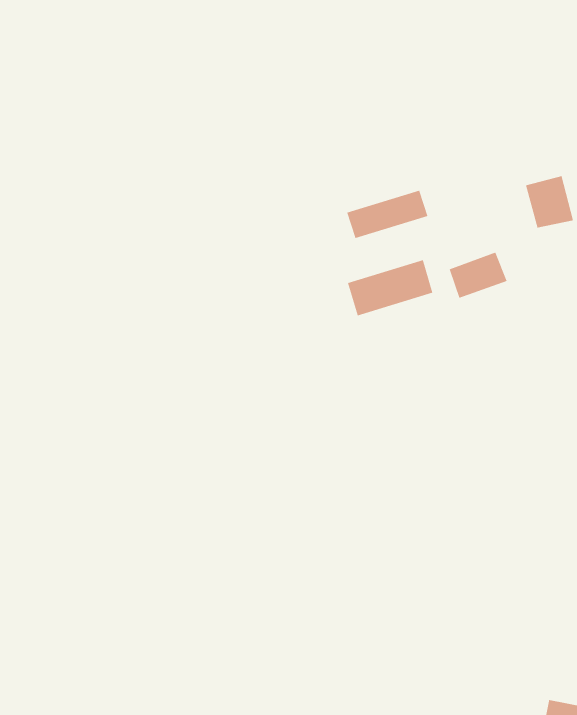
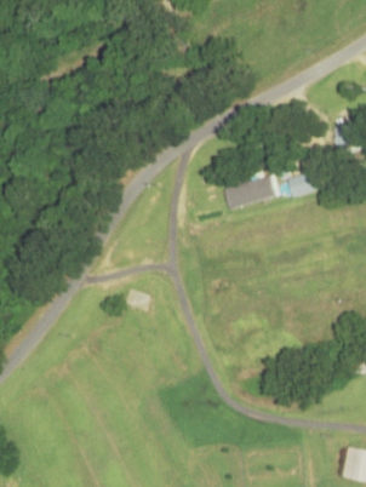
building: [346,190,428,239] -> none

